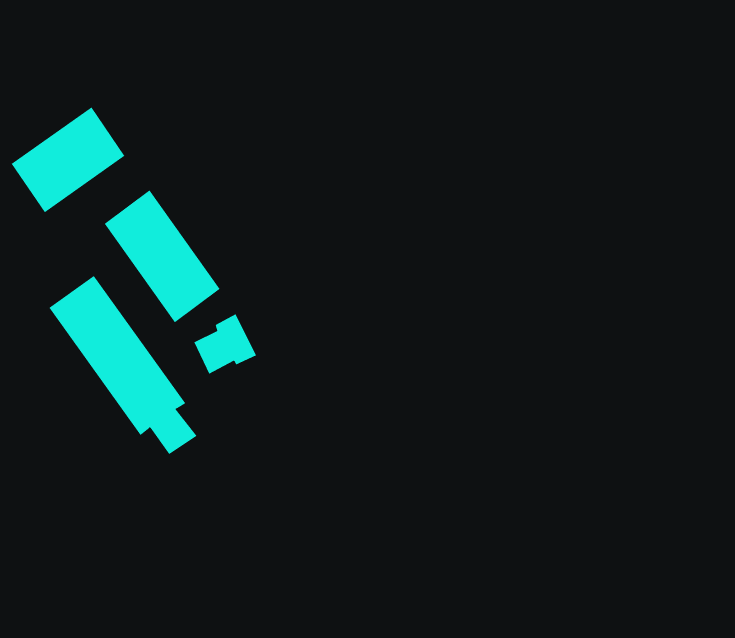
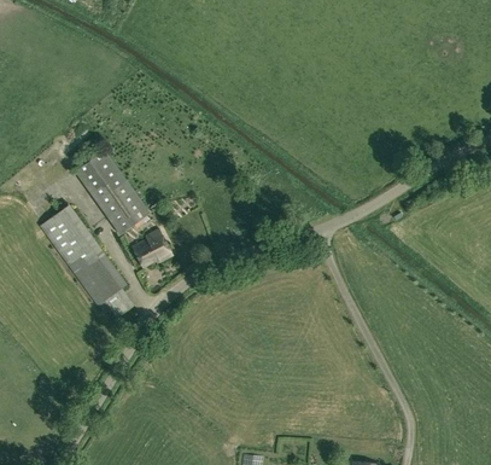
building: [11,106,125,213] -> none

